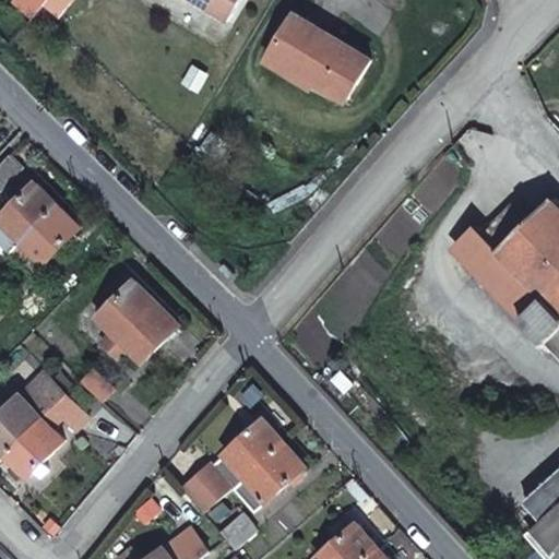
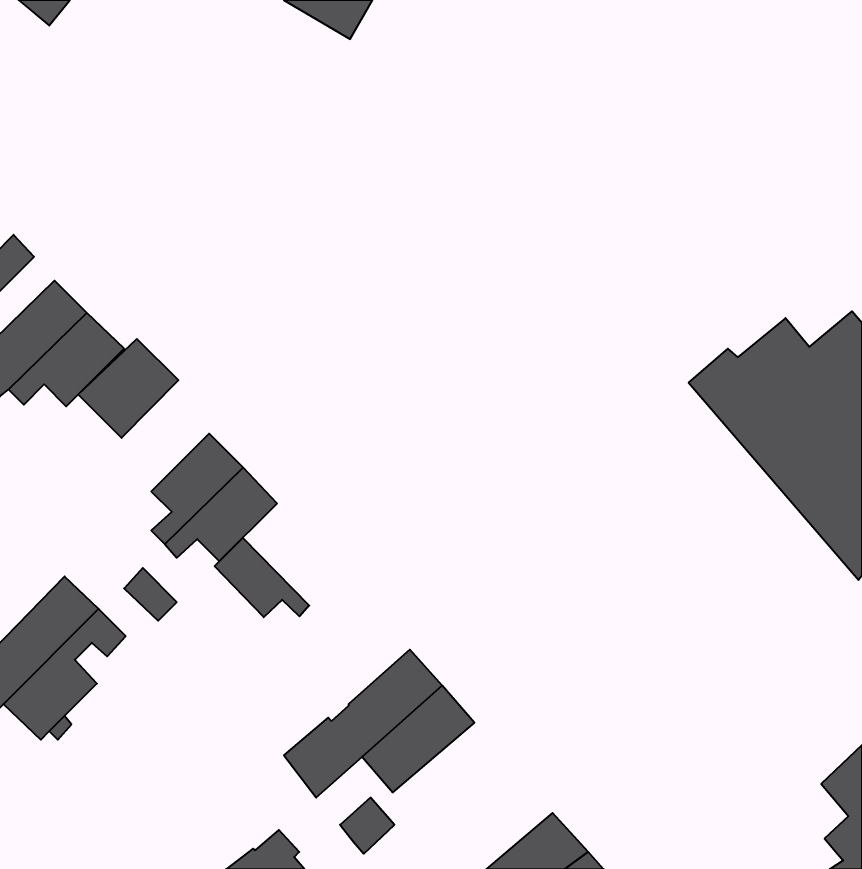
building: [266,12,366,97] -> none
building: none -> [78,339,178,438]
building: none -> [215,538,309,617]

